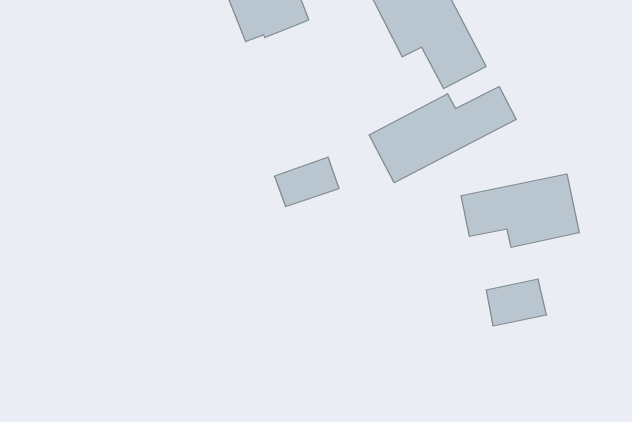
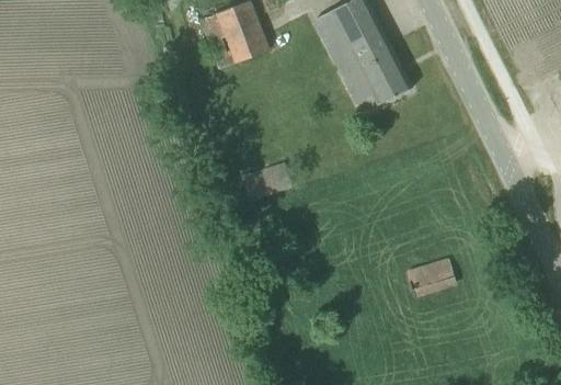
building: [369,87,516,183] -> none
building: [461,174,579,247] -> none

